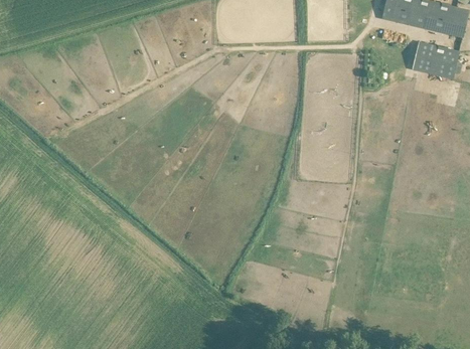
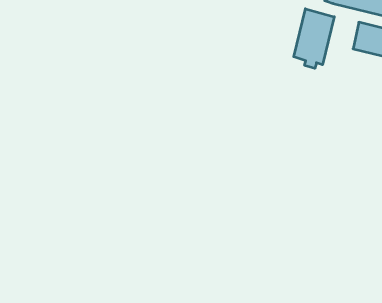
building: none -> [294,9,334,68]

